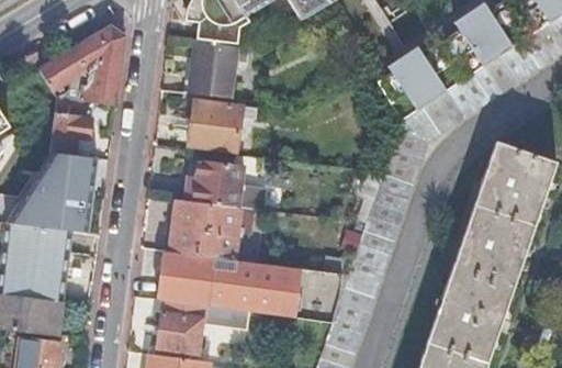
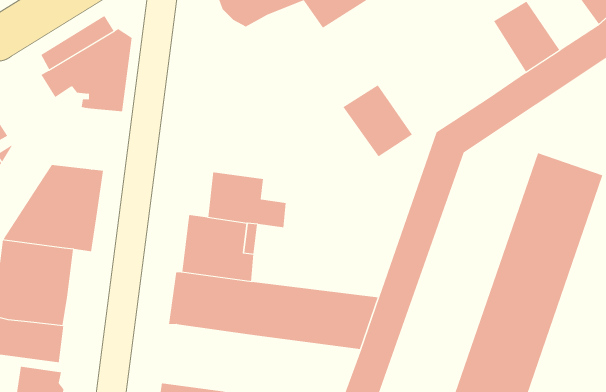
building: [190,40,243,99] -> none
building: [386,46,451,113] -> [342,84,413,157]
building: [49,99,91,158] -> none
building: [189,101,243,154] -> none
building: [158,301,234,355] -> none

